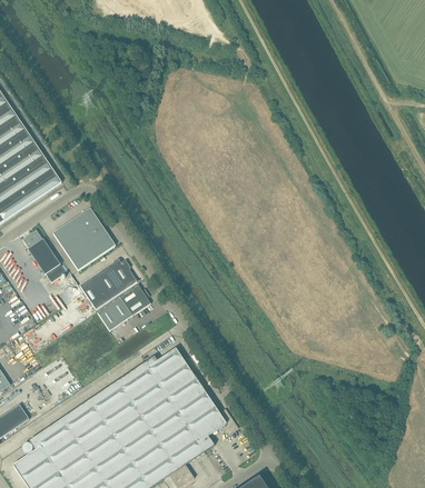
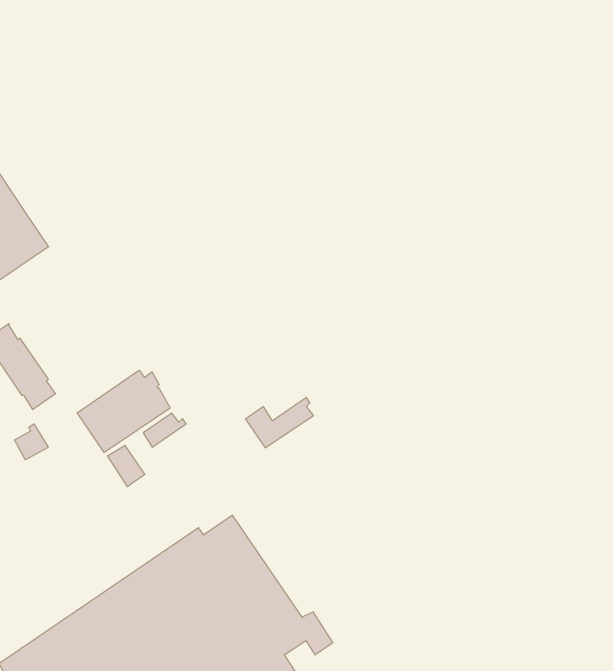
building: [52,207,115,269] -> none
building: [108,291,150,322] -> [246,398,313,448]

